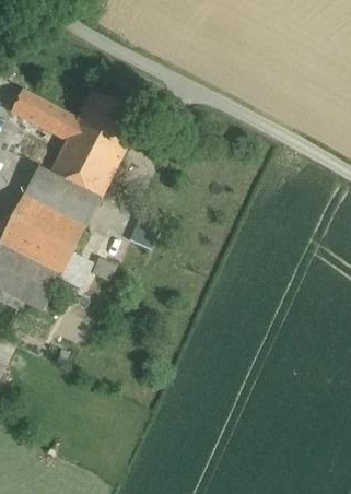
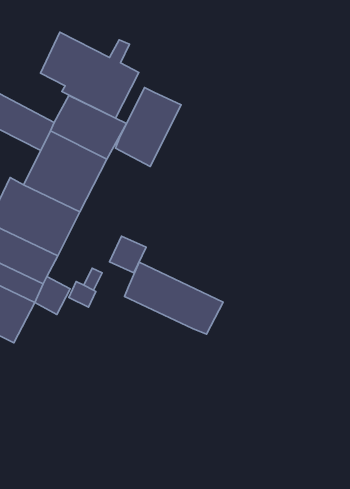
building: none -> [40,32,139,118]
building: none -> [116,88,181,167]
building: none -> [124,262,223,334]

